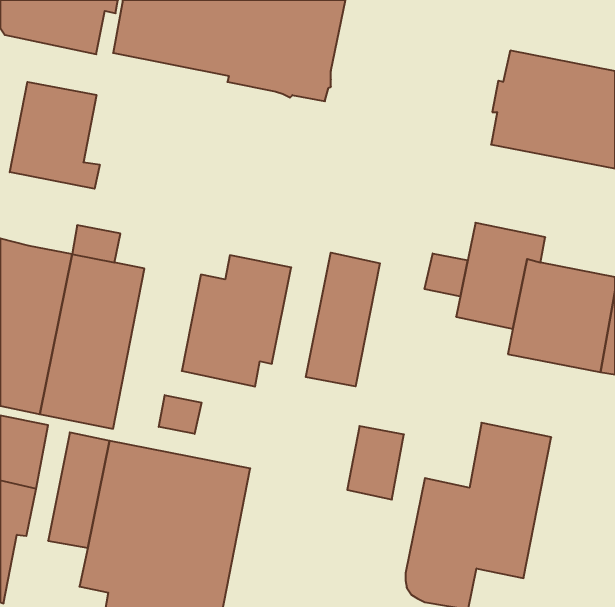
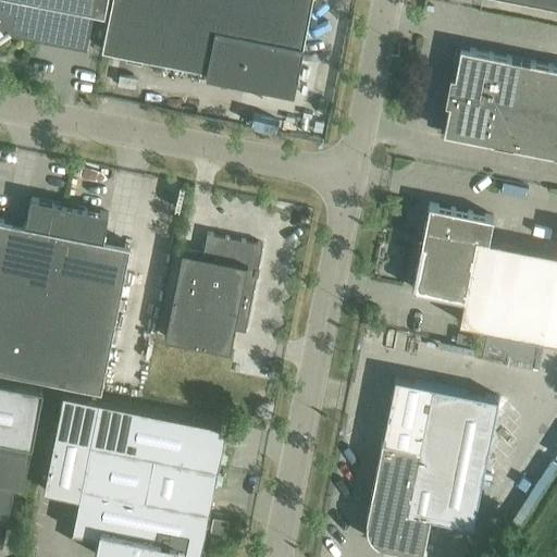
building: [10,82,100,189] -> none
building: none -> [26,203,70,237]
building: [306,253,380,386] -> none
building: [425,253,467,296] -> none
building: [159,395,202,434] -> none
building: [347,426,404,500] -> [384,382,435,448]

